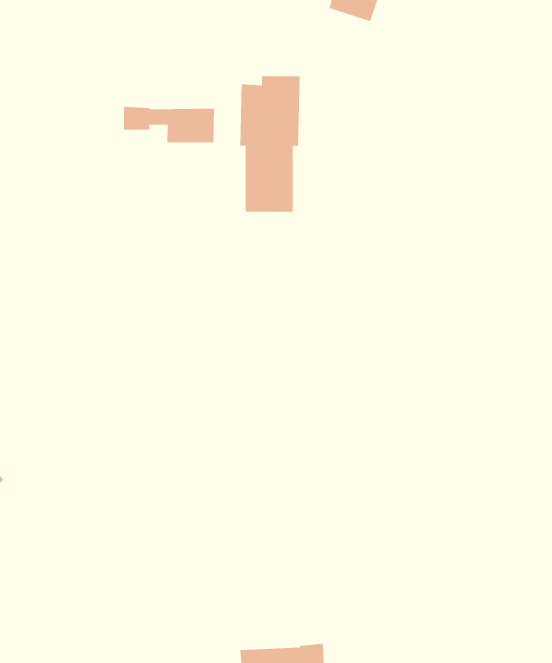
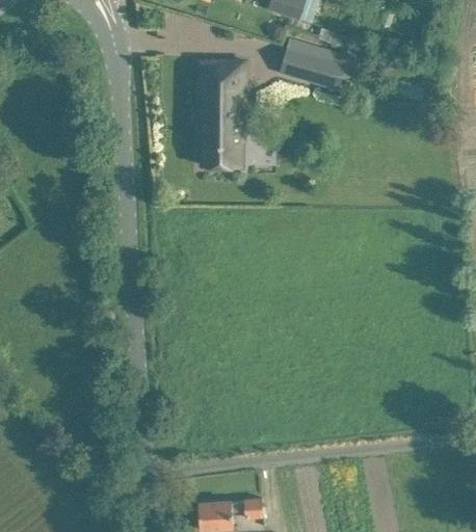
building: none -> [280,38,356,90]
building: [123,106,214,143] -> none

